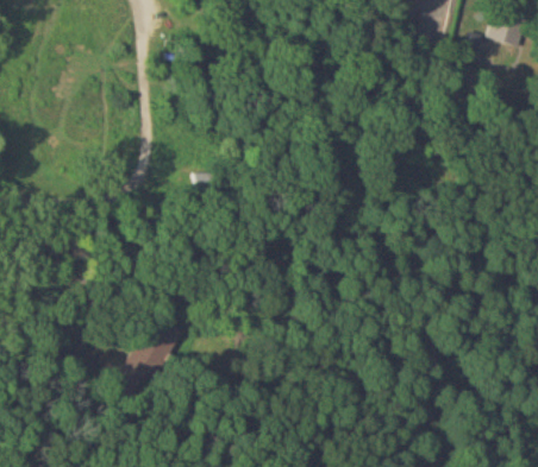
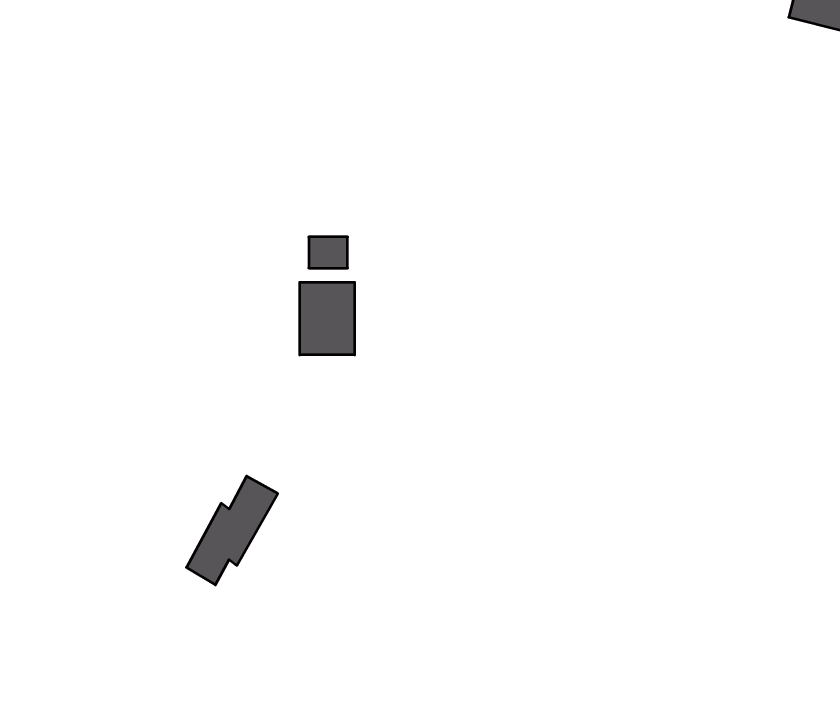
building: none -> [300,282,355,355]

